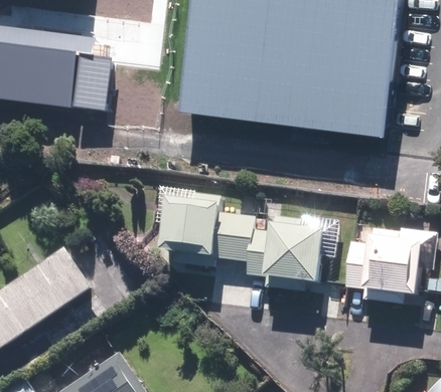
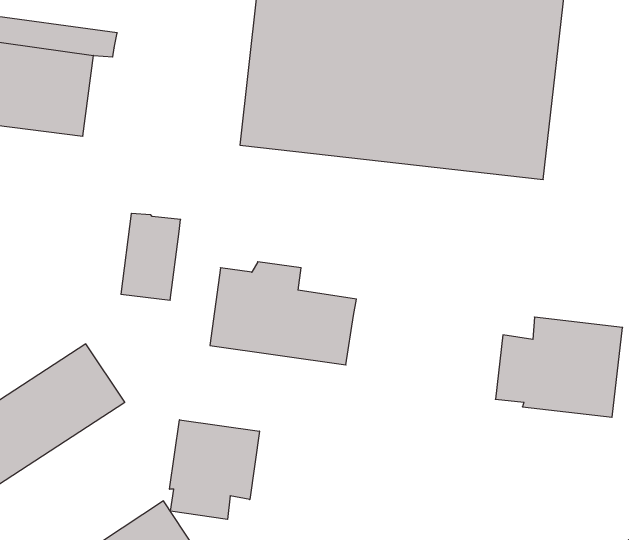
building: [69,53,110,112] -> [121,213,181,300]
building: [246,220,323,279] -> none
building: none -> [170,420,259,519]

